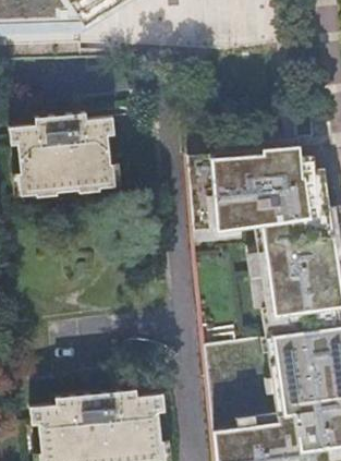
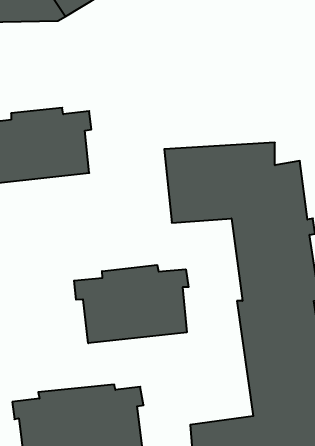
building: none -> [74,265,189,343]

